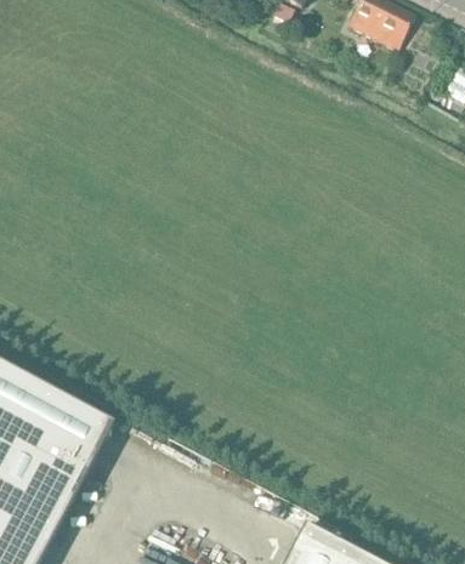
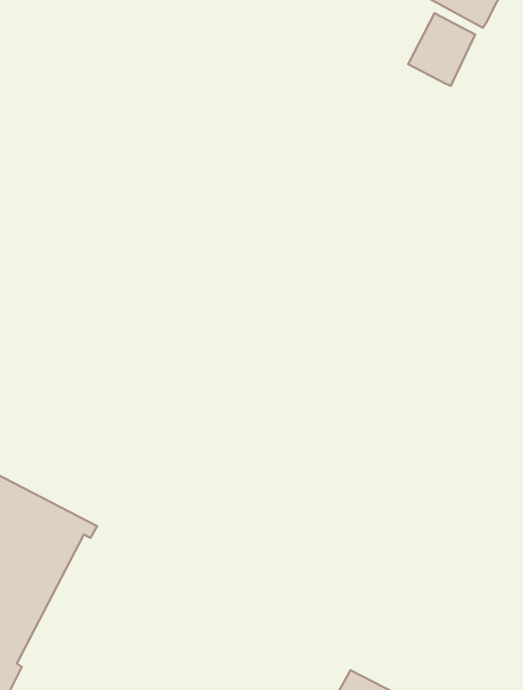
building: none -> [408,13,475,86]

